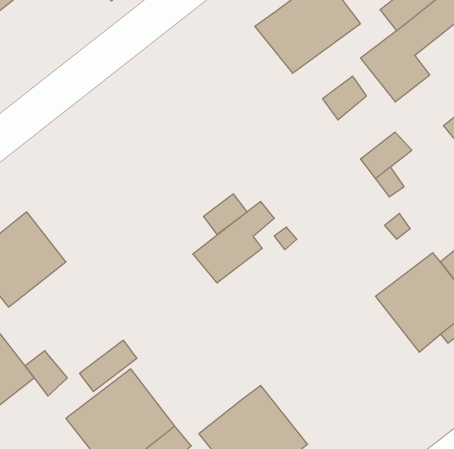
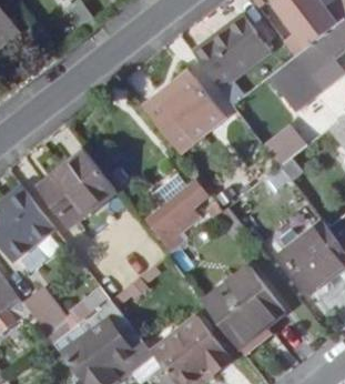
building: none -> [141,77,223,152]
building: none -> [40,150,116,225]
building: none -> [202,264,285,348]

